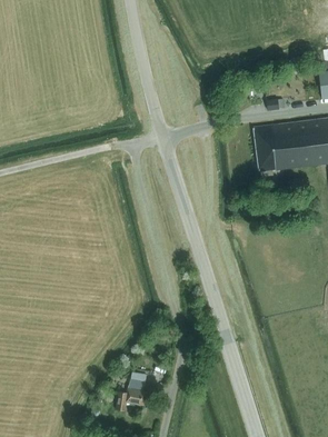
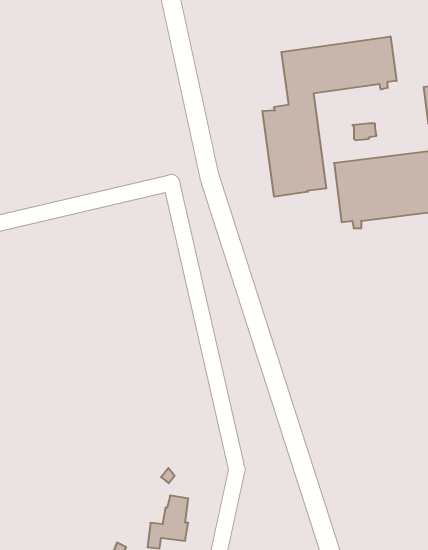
building: none -> [263,36,397,197]

